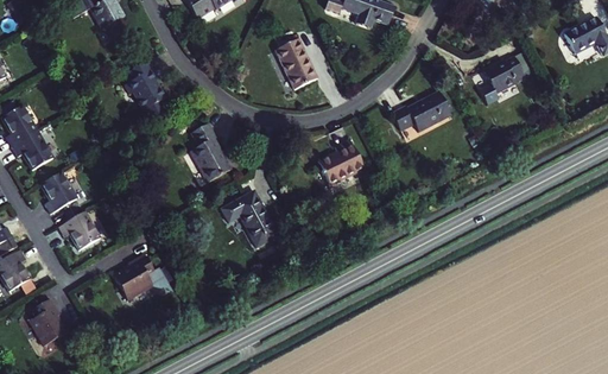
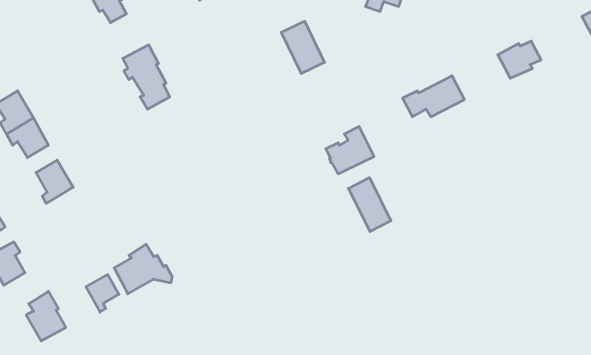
building: [191,123,232,182] -> none
building: none -> [348,178,391,232]
building: [222,191,278,247] -> none
building: [58,211,100,251] -> none
building: none -> [86,275,119,312]

